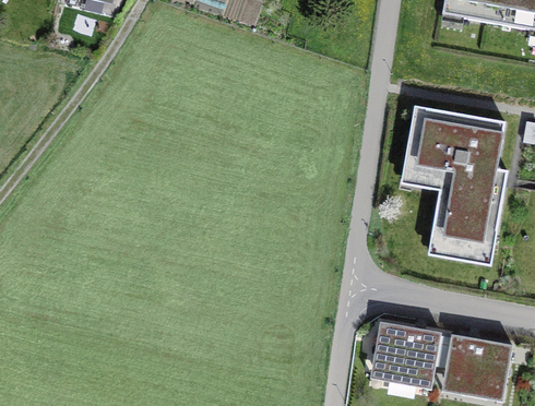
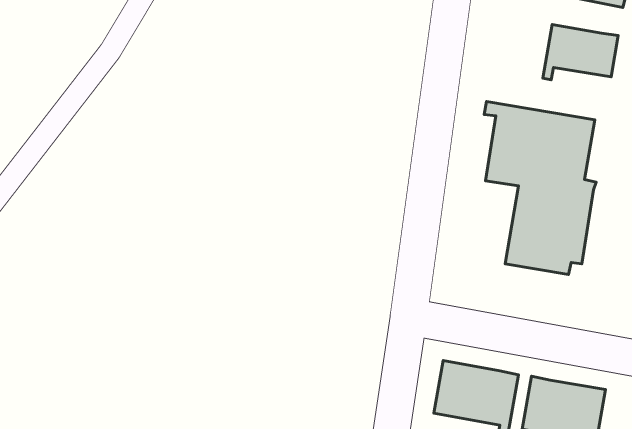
building: none -> [543,24,618,80]

